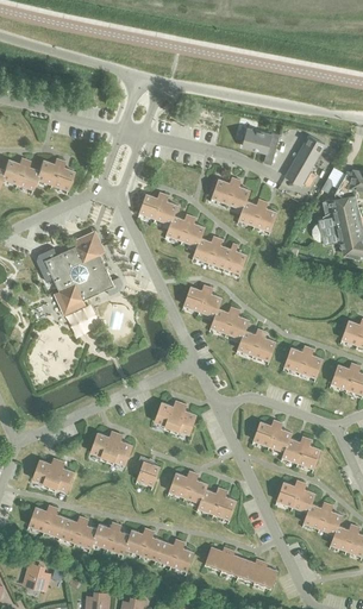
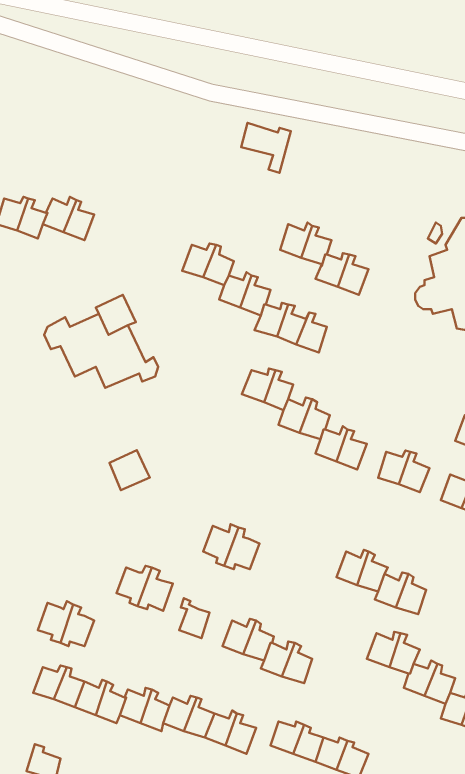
building: [243,128,280,165] -> [241,123,291,173]
building: [284,134,325,186] -> none
building: [55,284,85,314] -> [110,450,150,490]

